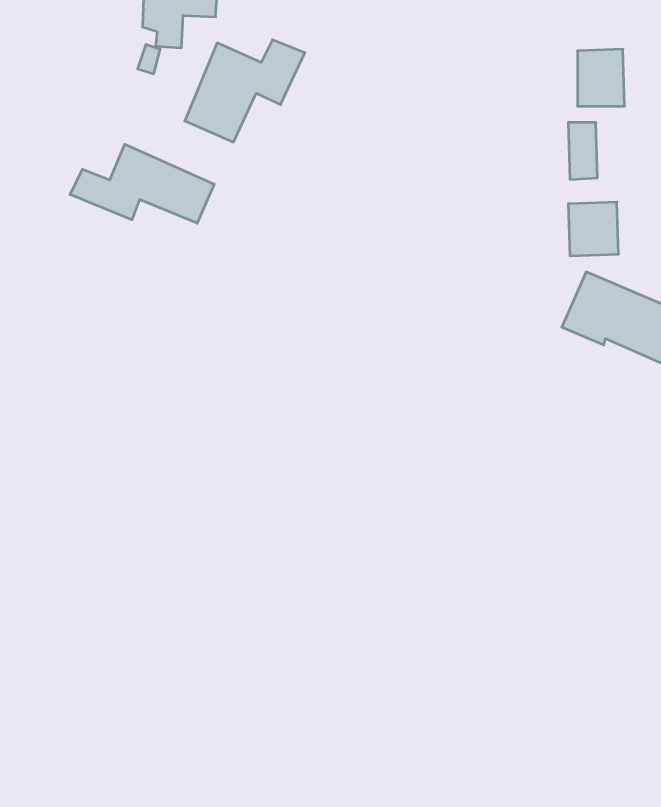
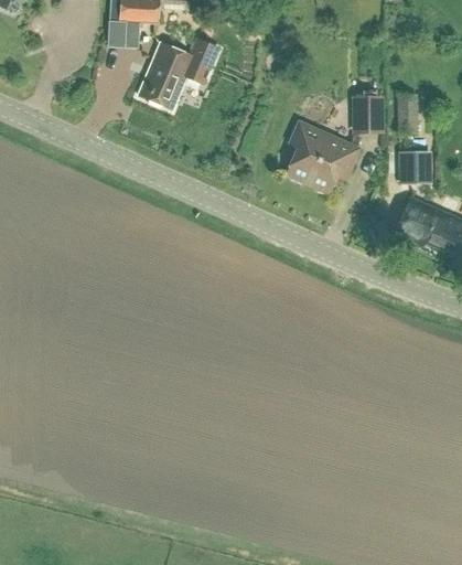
building: [577,49,625,106] -> [352,94,384,132]
building: [70,144,214,223] -> none
building: none -> [287,120,358,190]

